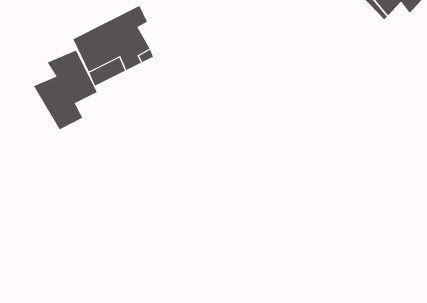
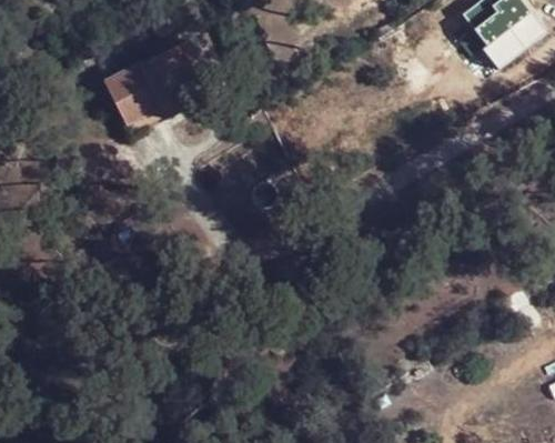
building: [33,50,97,130] -> none

